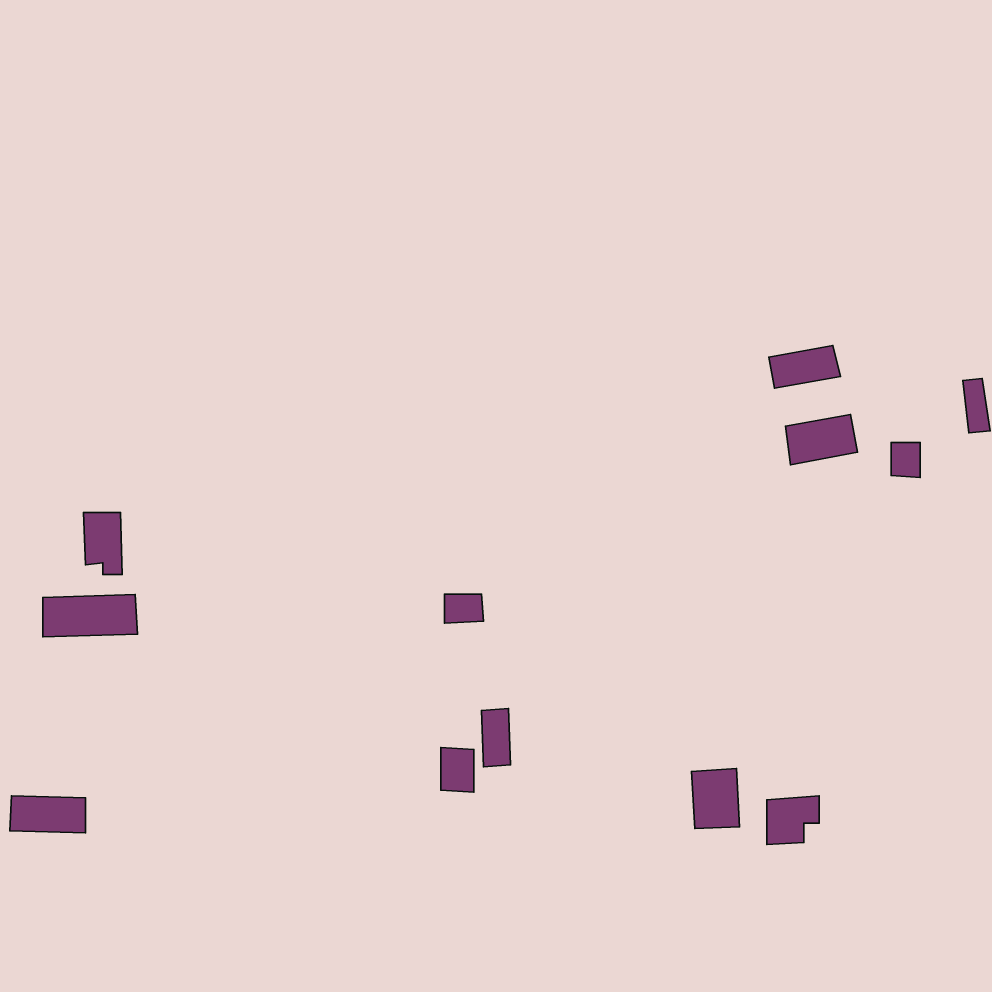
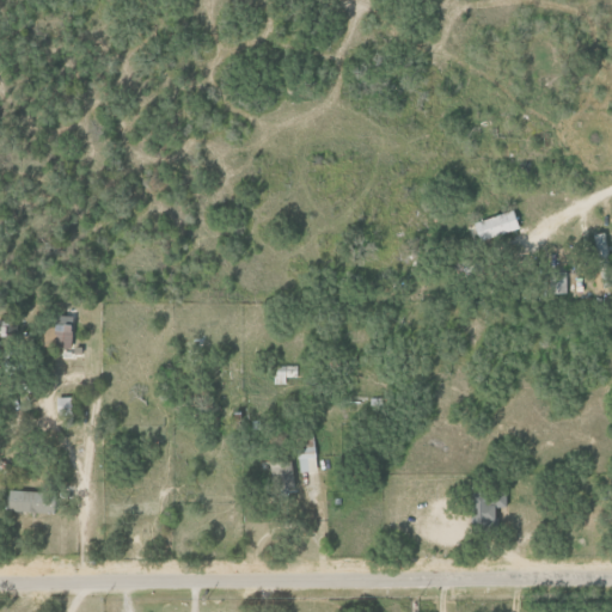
building: [786,414,857,465] -> none
building: [43,595,138,637] -> none
building: [692,768,740,829] -> none

